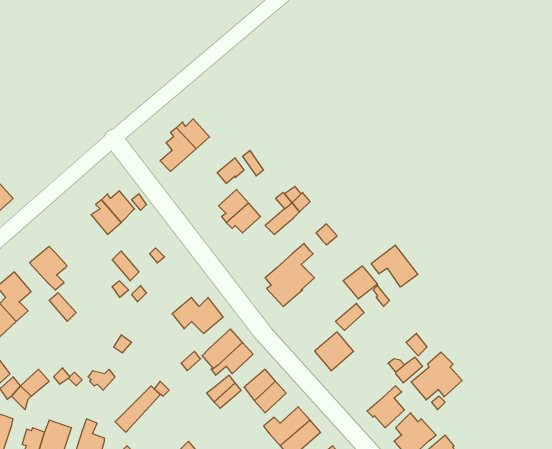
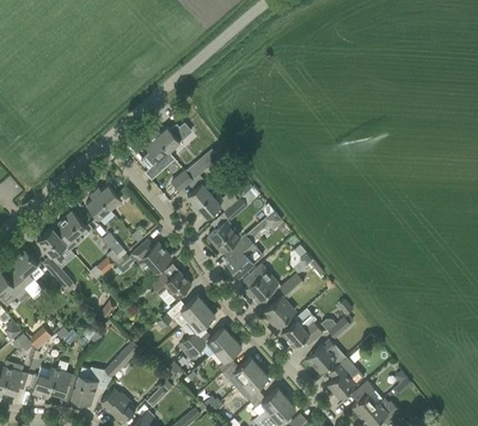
building: none -> [56,211,86,250]
building: none -> [207,220,240,252]
building: [371,245,418,287] -> none
building: none -> [131,239,171,270]
building: none -> [243,263,278,302]
building: [411,352,462,400] -> [281,309,321,347]

